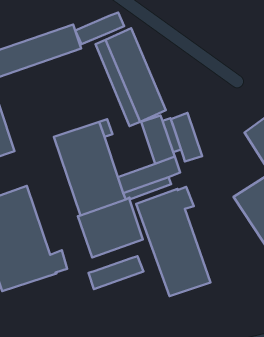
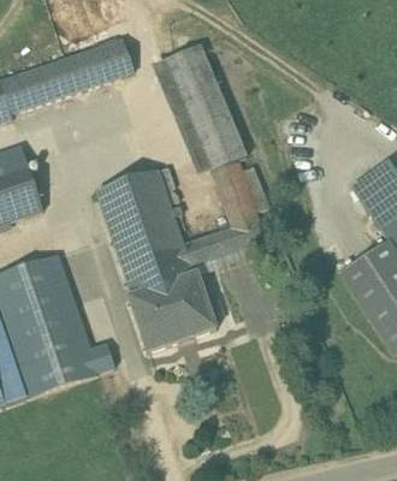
building: [75,12,124,44] -> none
building: [171,113,202,162] -> none
building: [136,187,211,296] -> none
building: [89,256,143,289] -> none

